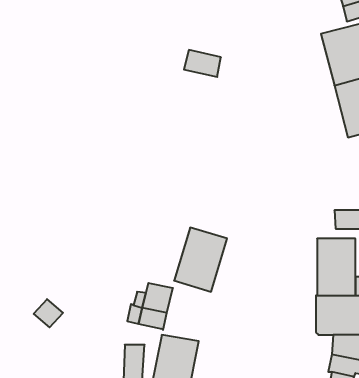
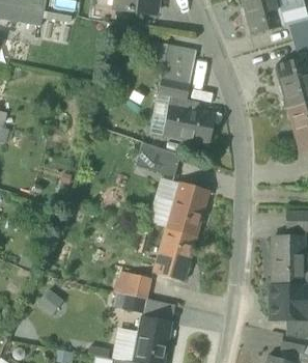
building: none -> [164,49,198,83]
building: none -> [163,105,215,144]
building: none -> [136,141,180,176]
building: none -> [165,183,208,235]
building: none -> [141,298,174,322]

